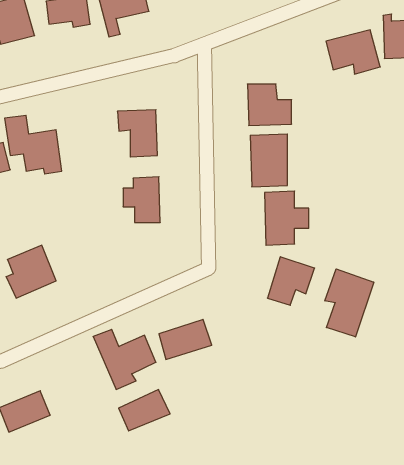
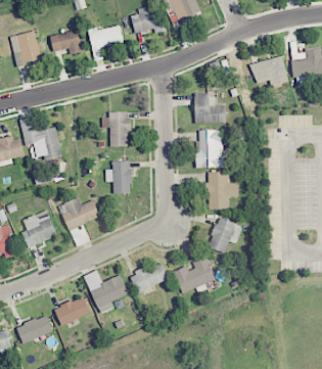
building: none -> [59,197,100,229]
building: [325,269,374,337] -> none
building: none -> [175,258,215,291]
building: [119,390,170,431] -> [54,295,91,325]

